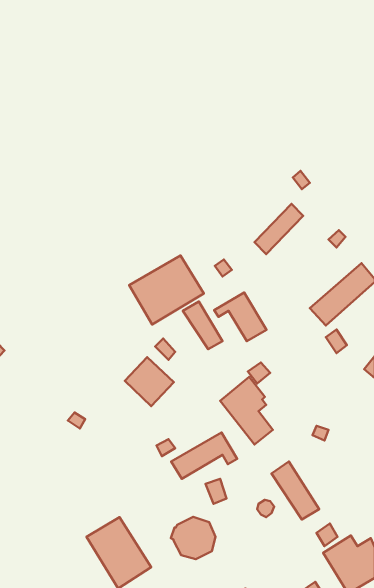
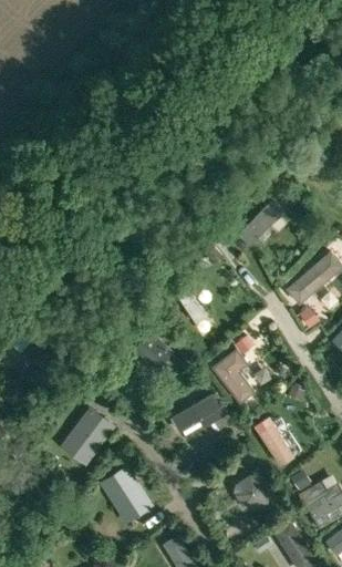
building: [129,255,204,324] -> none
building: [214,293,266,341] -> none
building: none -> [60,405,117,466]
building: [171,517,216,559] -> [234,475,271,511]

